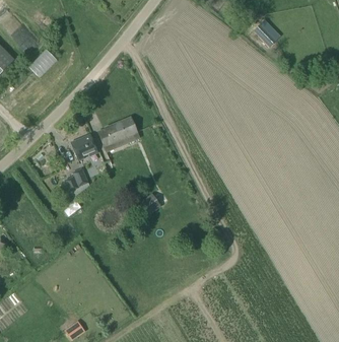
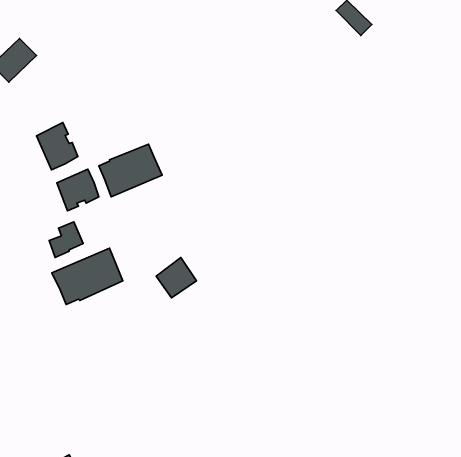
building: none -> [36,122,78,170]
building: none -> [52,248,123,304]

